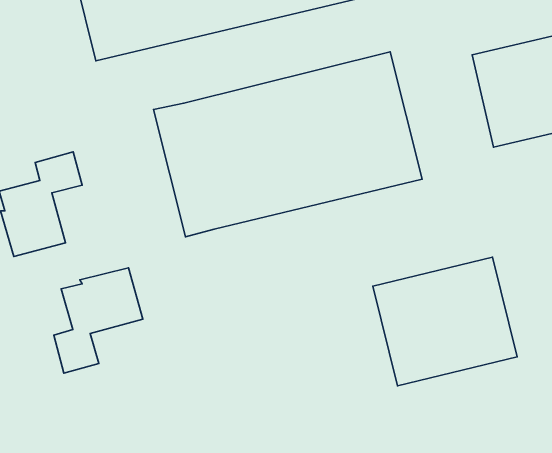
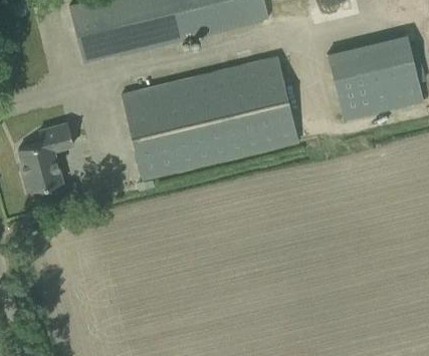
building: [373,257,517,386] -> none
building: [54,268,143,373] -> none

